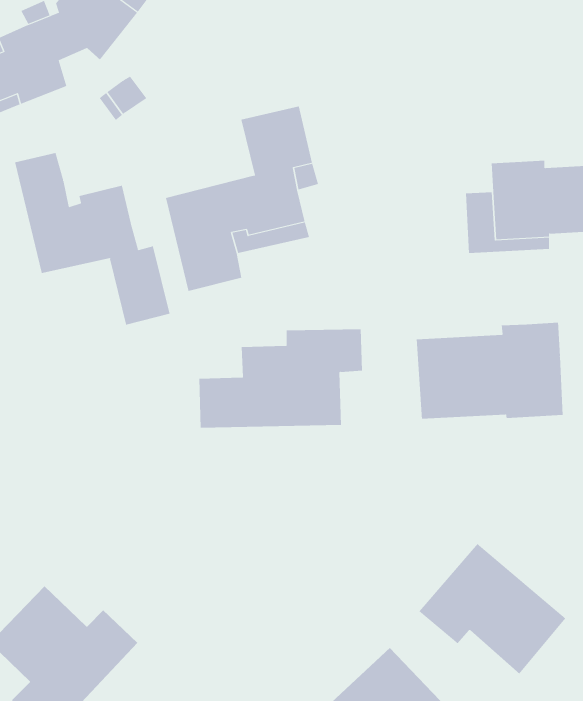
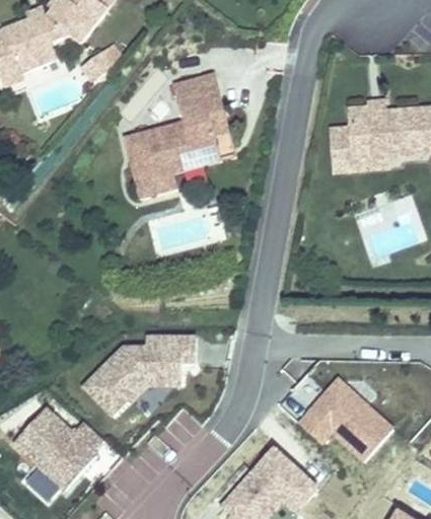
building: [14,152,170,326] -> none
building: [416,322,563,420] -> none
building: [198,329,363,428] -> [85,328,196,395]

